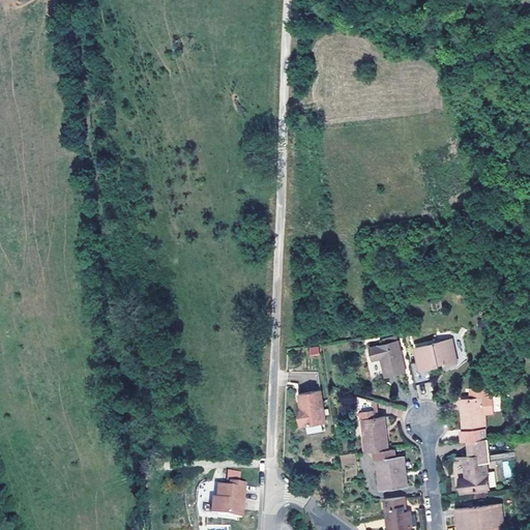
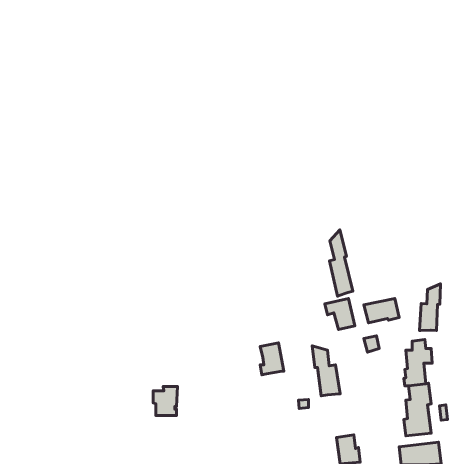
building: none -> [329,230,353,296]
building: none -> [420,284,441,331]
building: [373,448,403,490] -> none
building: [218,484,246,518] -> [153,386,178,416]

